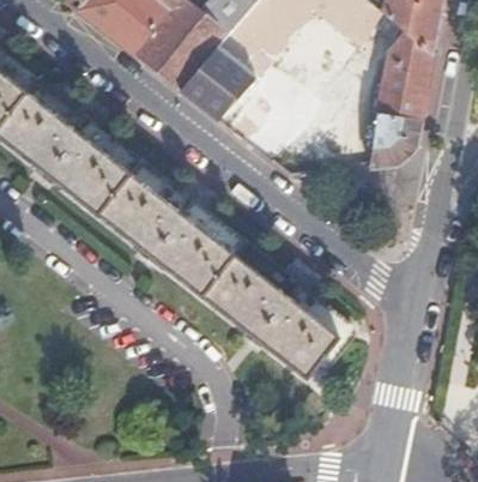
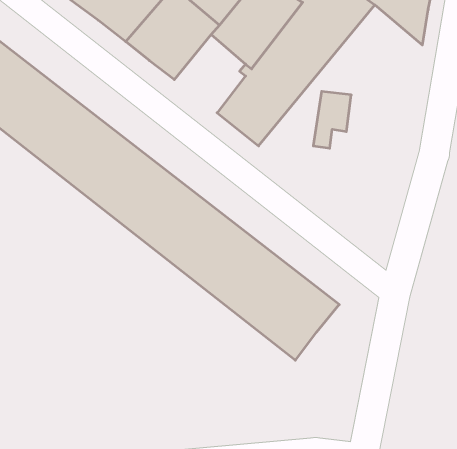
building: [367,26,434,170] -> none
building: [183,49,255,123] -> none

